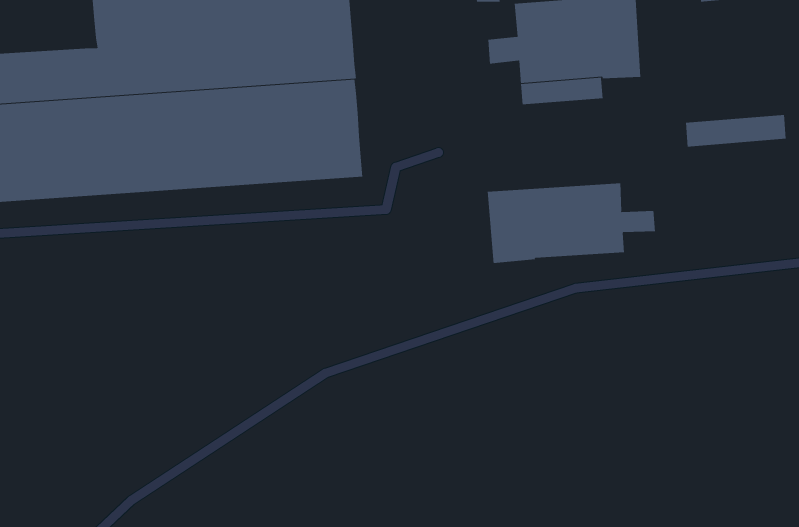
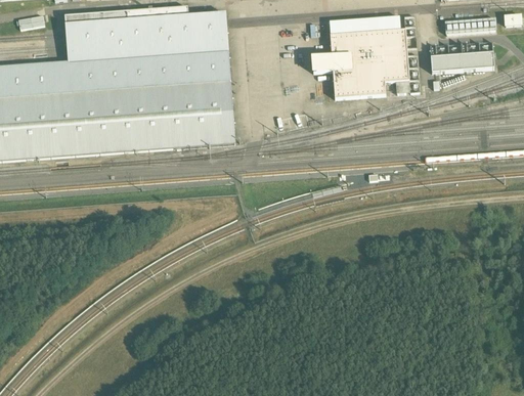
building: [685,114,786,147] -> [430,52,493,73]
building: [487,183,655,264] -> none

